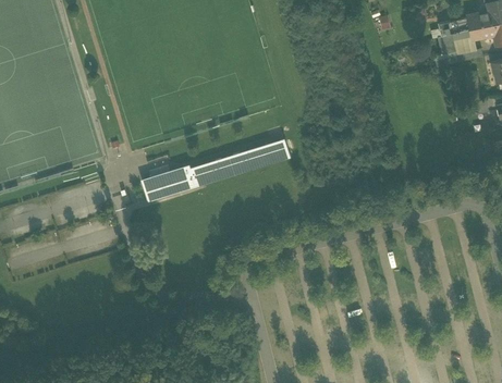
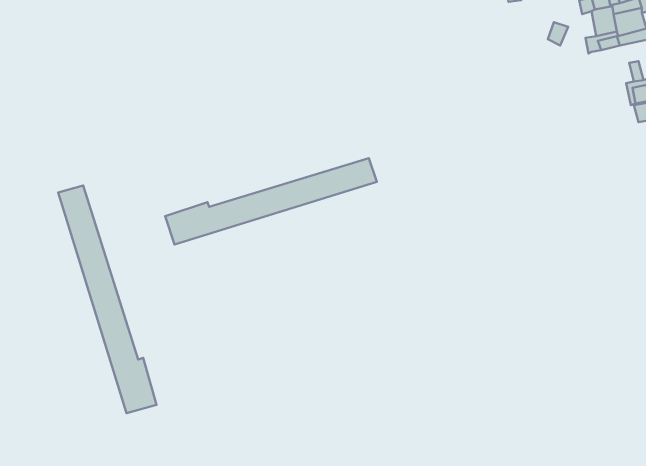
building: none -> [58,185,157,413]

